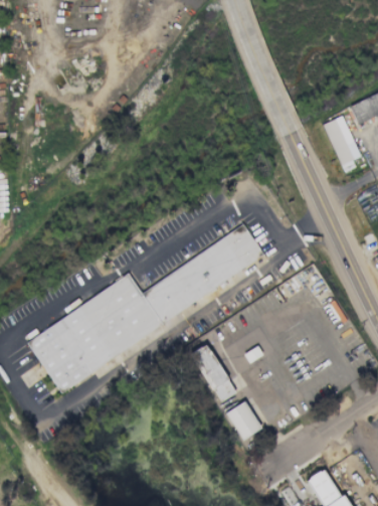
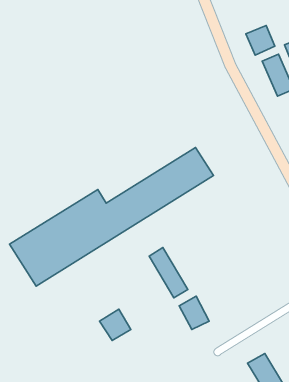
building: none -> [246,25,275,55]
building: none -> [100,309,131,341]

